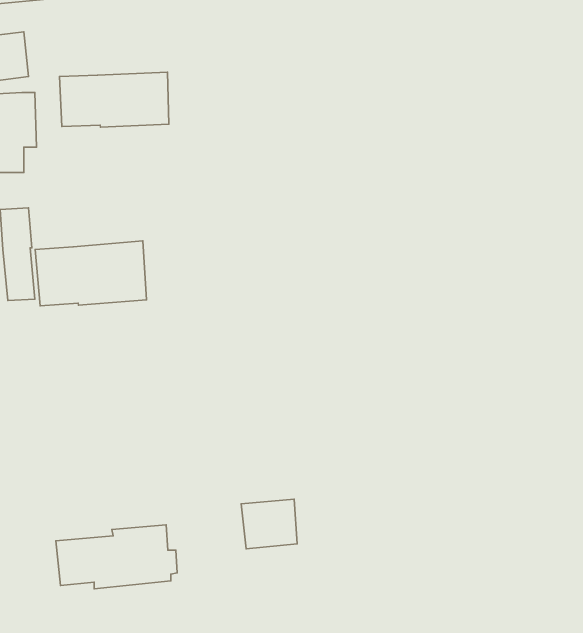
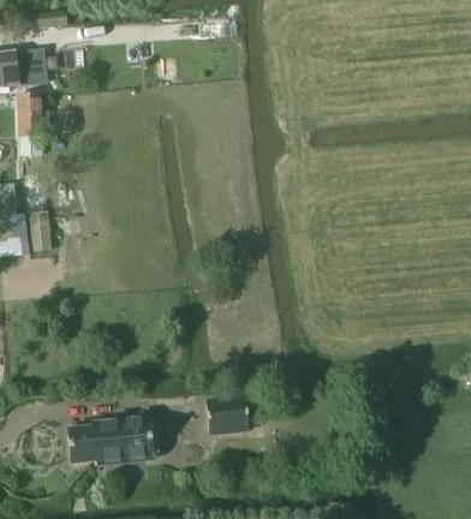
building: [59,72,169,127] -> none
building: [35,241,146,306] -> none

